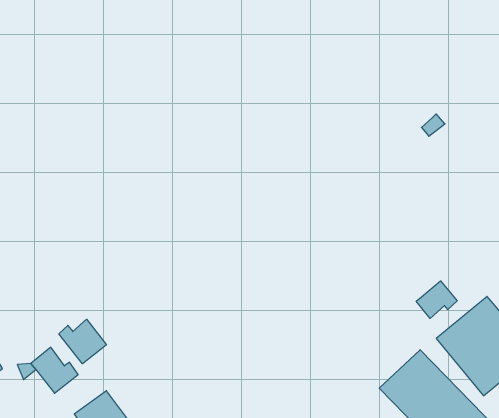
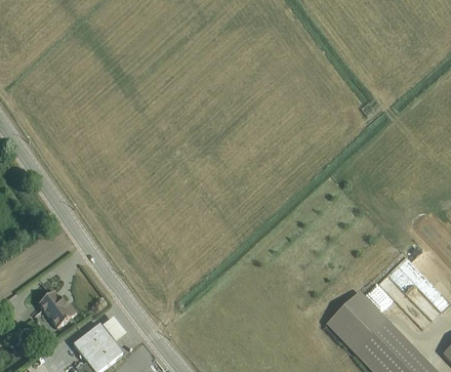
building: [416,281,457,318] -> none
building: [59,319,106,364] -> none

